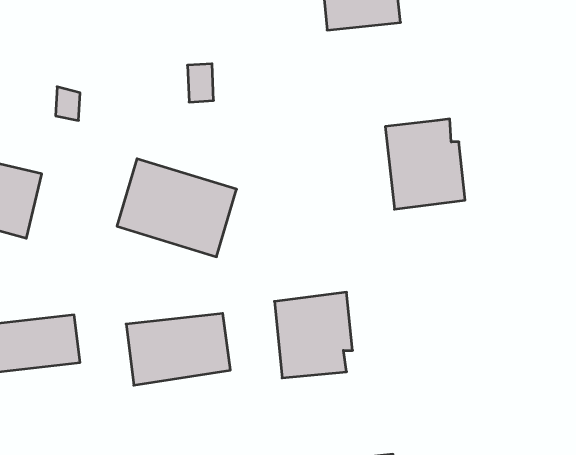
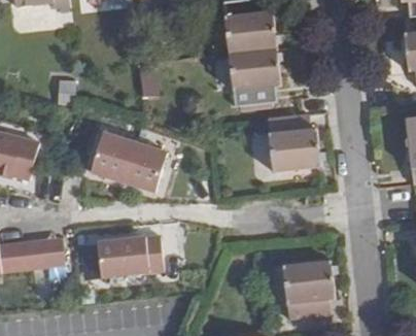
building: none -> [230,41,283,100]
building: [274,292,353,378] -> [285,254,338,311]

